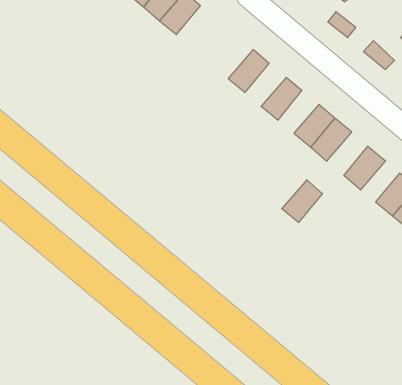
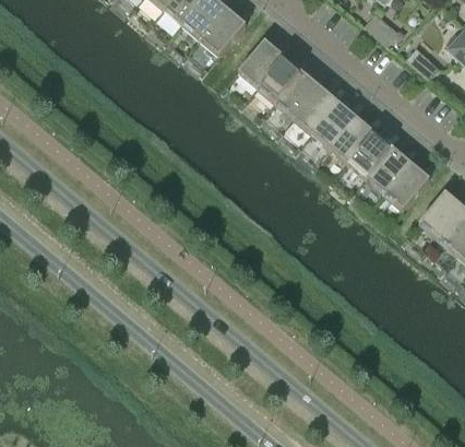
building: none -> [200,8,246,56]
building: none -> [238,39,284,87]
building: none -> [275,71,320,118]
building: none -> [311,101,356,148]
building: [282,180,323,223] -> [365,146,409,193]

